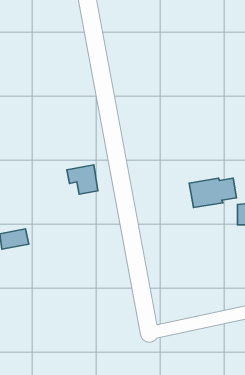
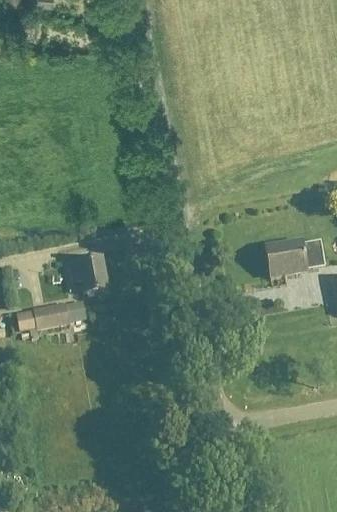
building: [67,165,98,194] -> [68,257,106,293]

